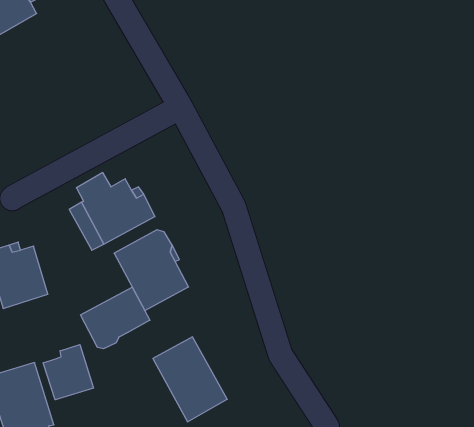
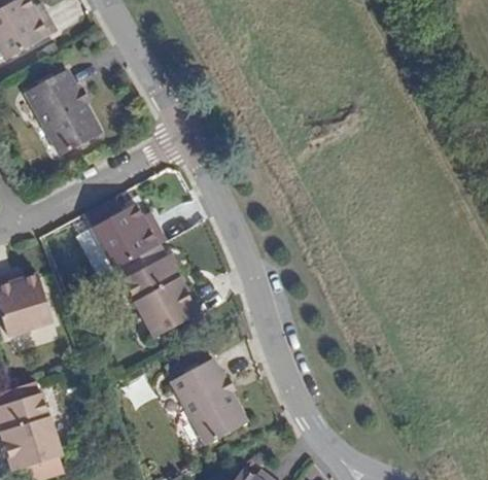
building: none -> [24,70,100,157]
building: [81,287,150,349] -> none
building: [43,345,93,400] -> none

